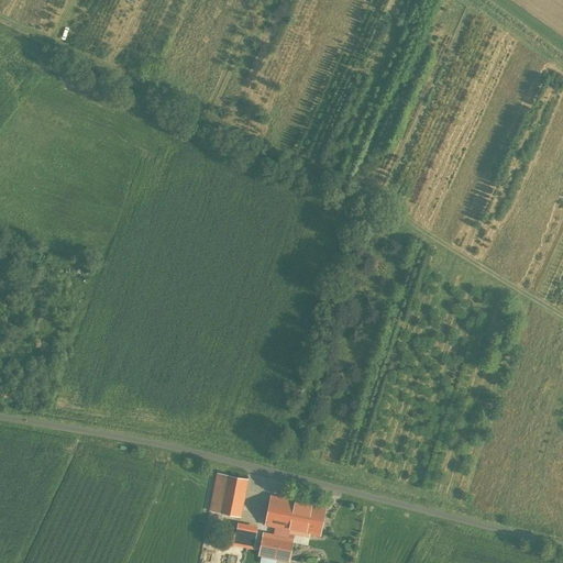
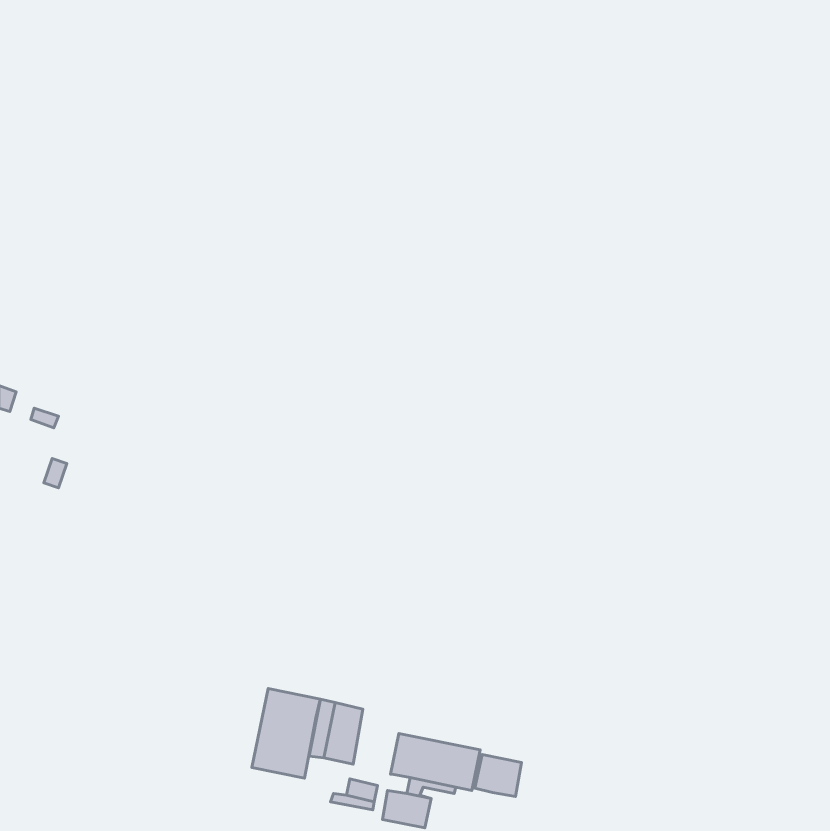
building: none -> [252,689,321,778]
building: none -> [475,755,521,797]

